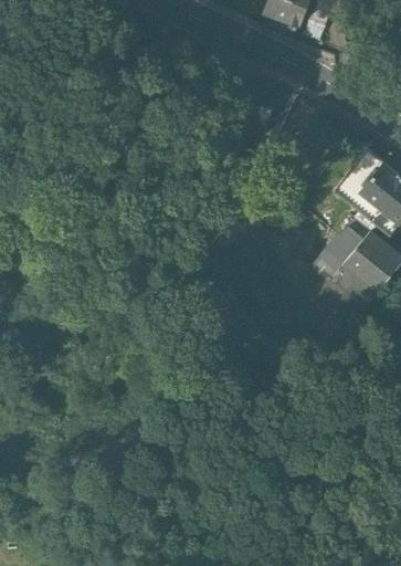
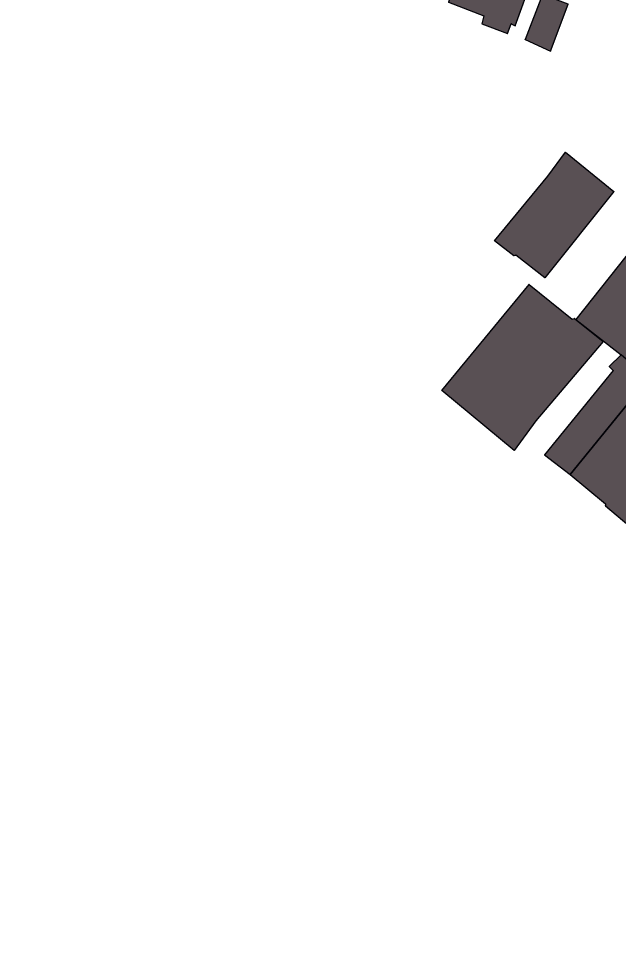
building: none -> [495,152,614,278]
building: none -> [442,284,603,450]

